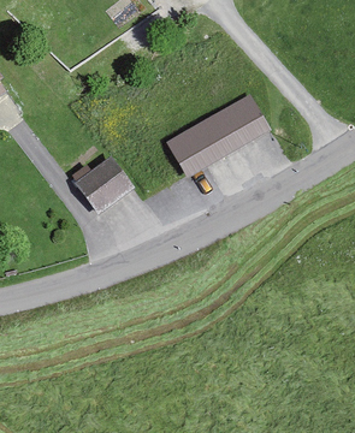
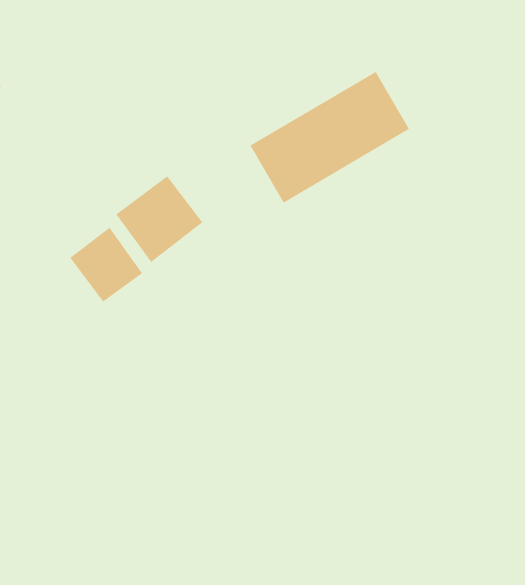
building: none -> [69,227,143,303]

